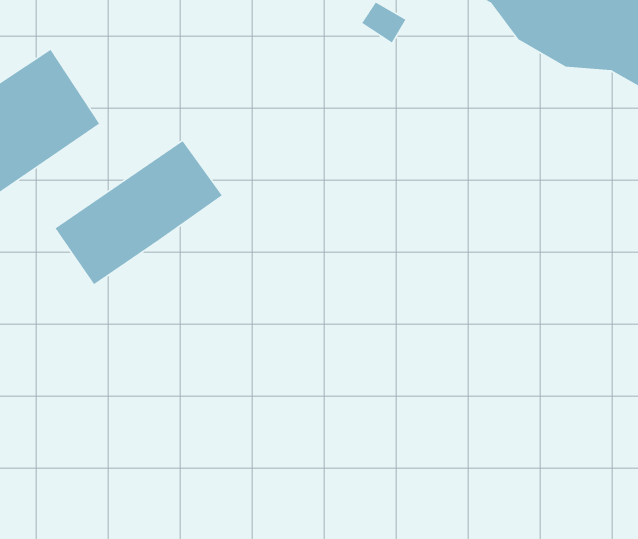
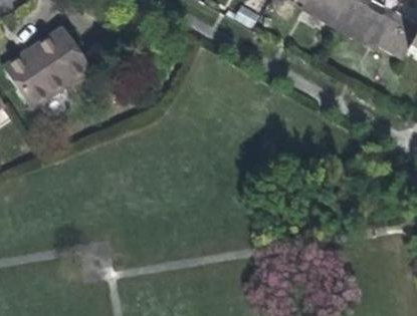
building: [55,140,223,285] -> none

